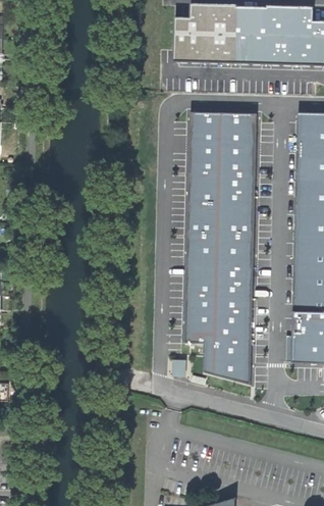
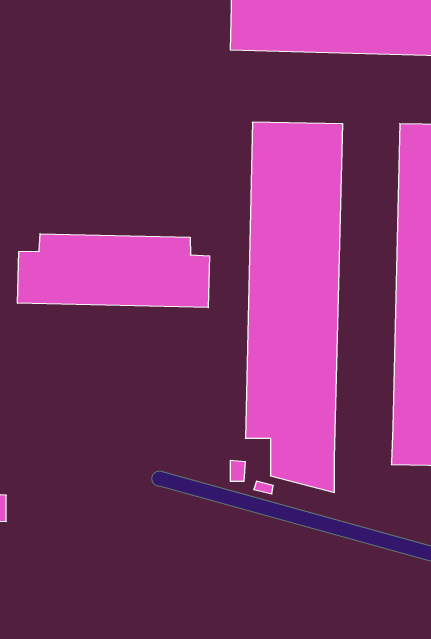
building: none -> [18,234,210,308]

